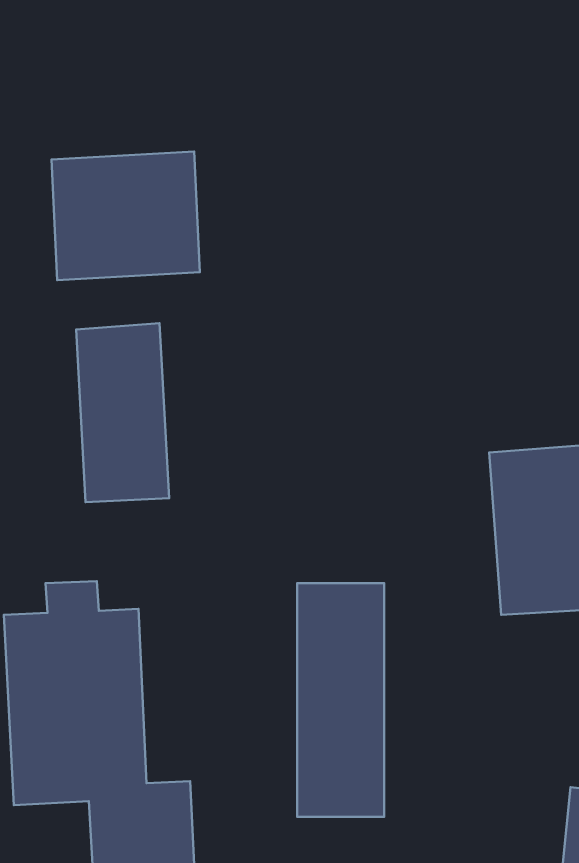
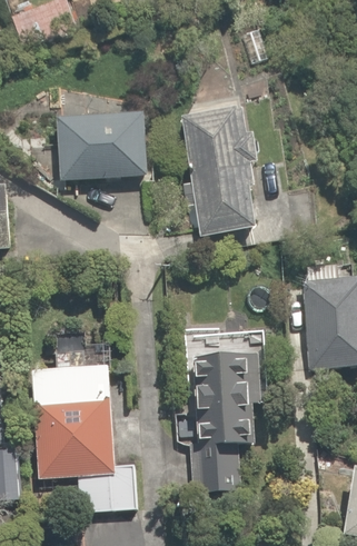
building: none -> [182,108,256,239]
building: [76,323,169,502] -> none

